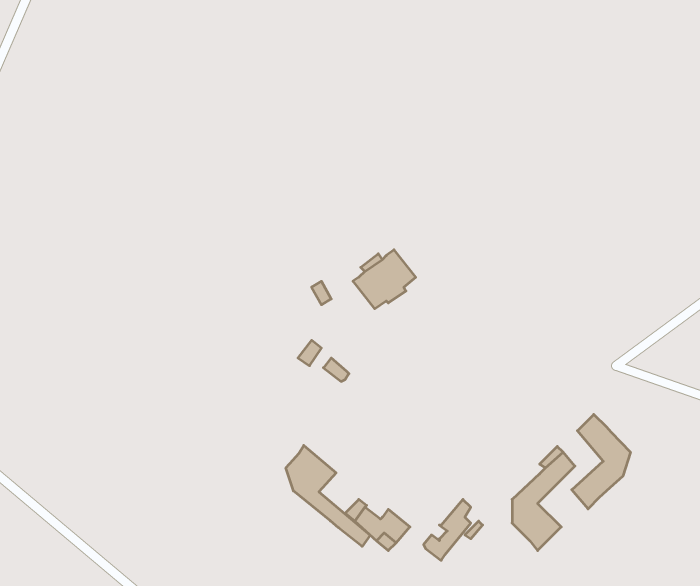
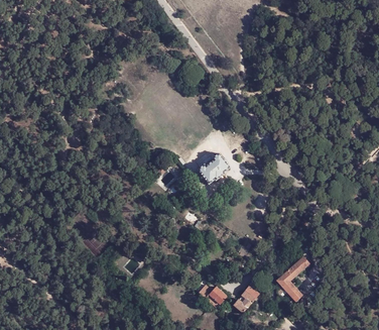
building: [572,414,630,509] -> none
building: [286,445,370,546] -> none

